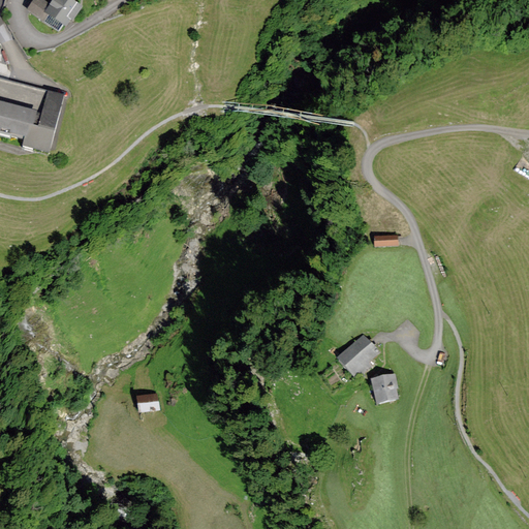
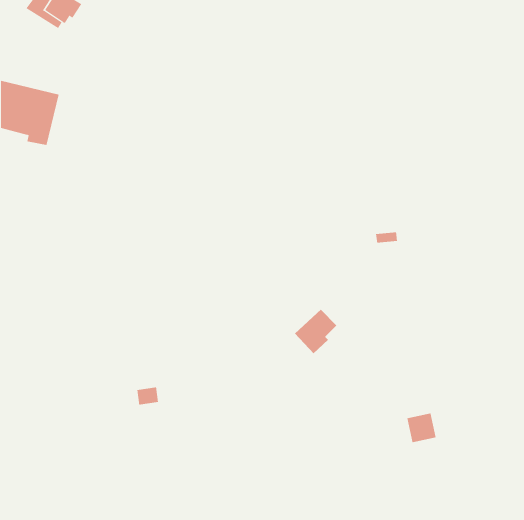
building: [336,332,379,377] -> [294,309,337,354]
building: [371,372,401,402] -> [407,413,436,443]

